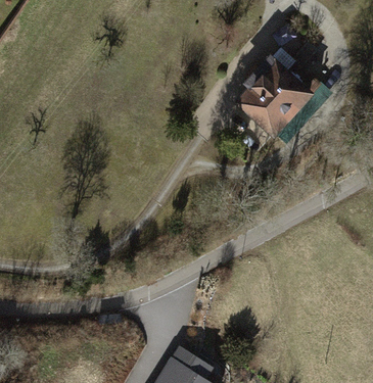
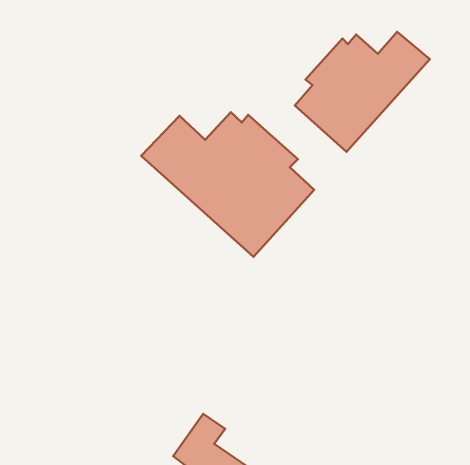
building: none -> [141,112,314,257]

